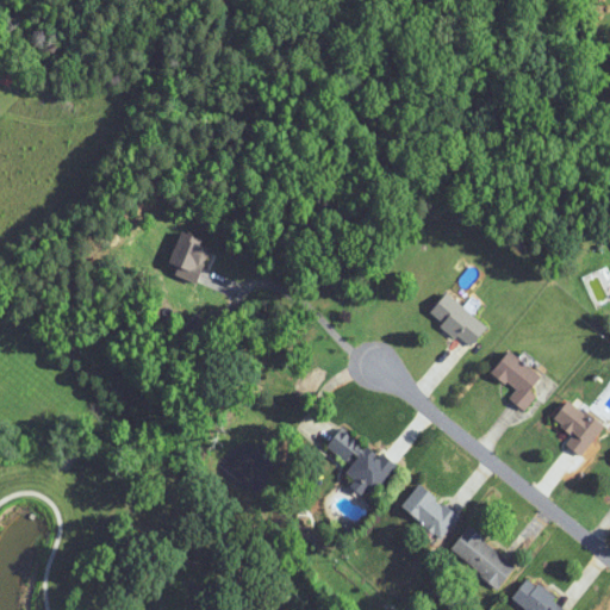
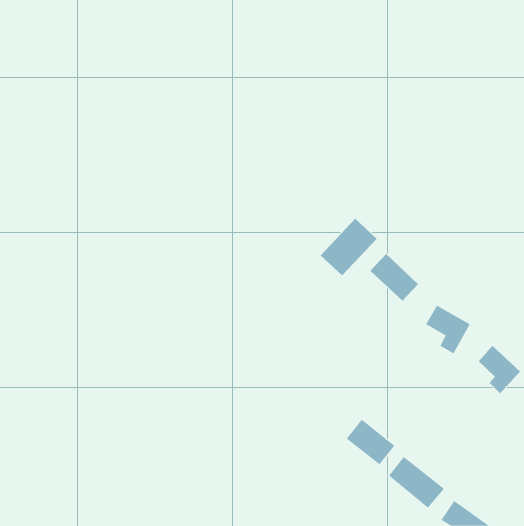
building: [169,231,211,282] -> none
building: none -> [320,218,377,276]
building: [325,427,392,497] -> none

